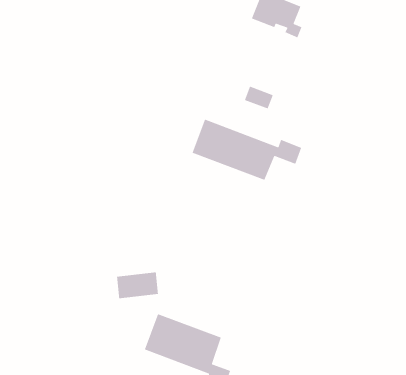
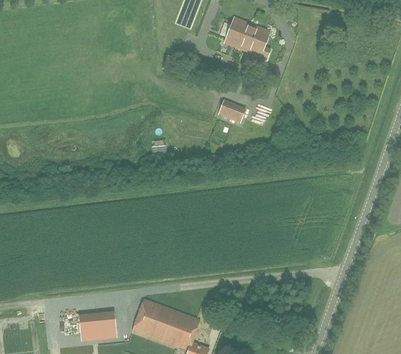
building: [191,119,302,181] -> none
building: [116,272,159,299] -> [79,312,116,336]

